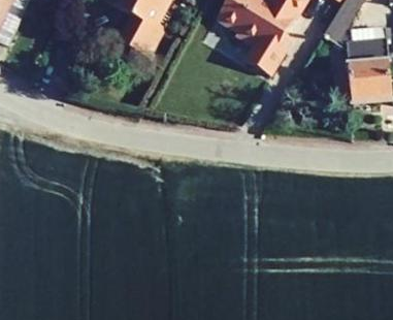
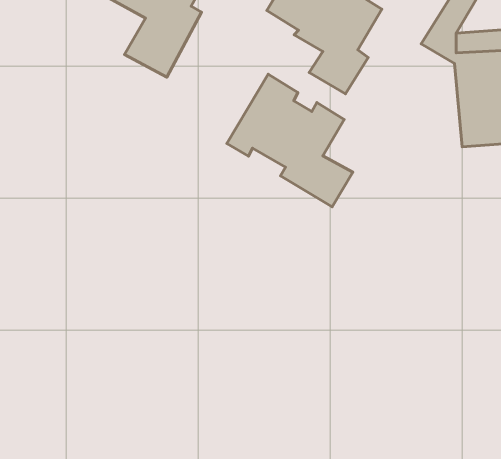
building: none -> [227,74,353,207]

